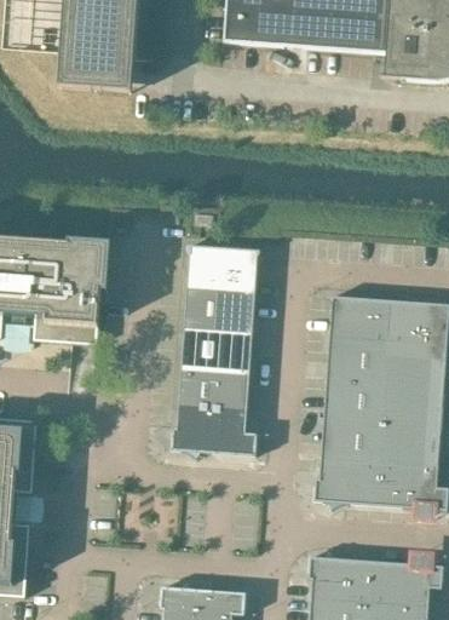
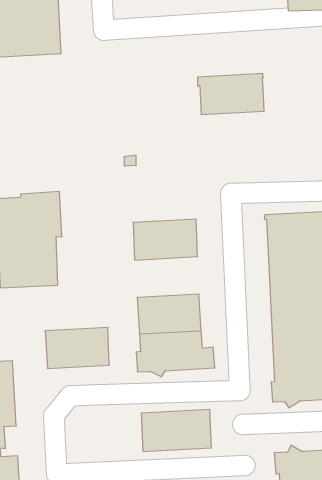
building: [188,245,260,291] -> [198,74,264,115]
building: [182,327,253,373] -> [45,327,109,368]
building: none -> [142,409,211,452]

